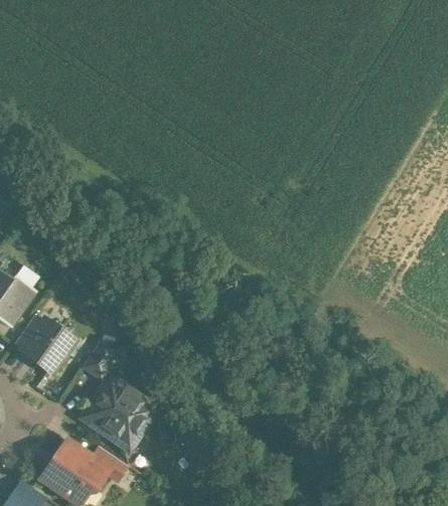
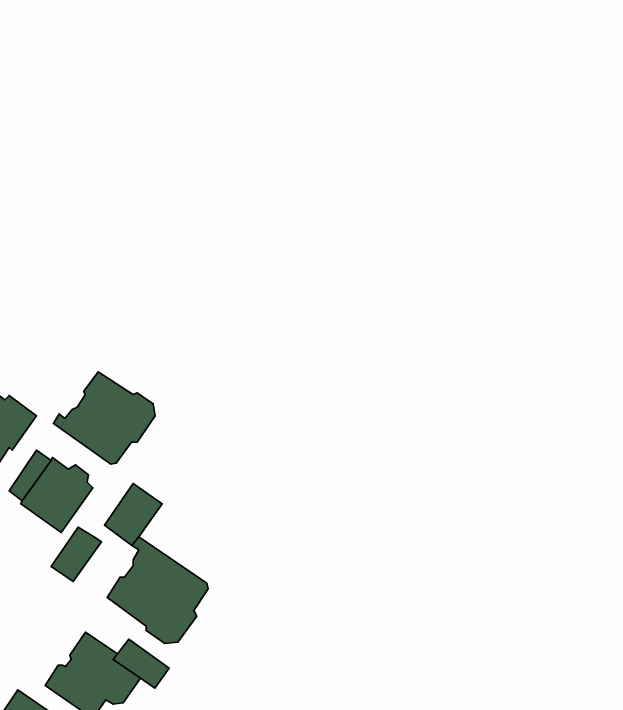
building: none -> [53,372,155,464]
building: none -> [51,527,102,582]

